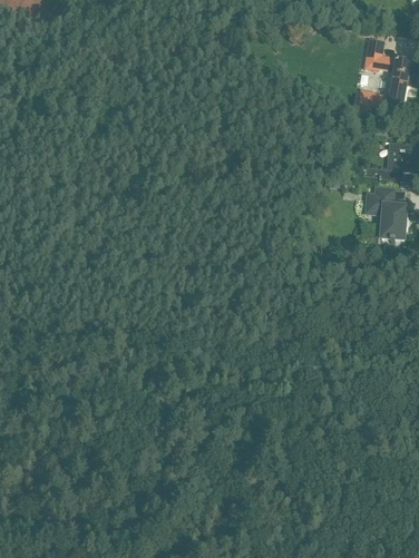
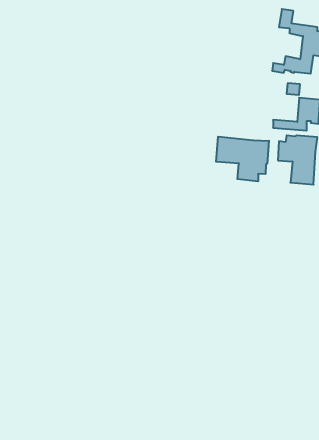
building: none -> [216,137,269,181]

